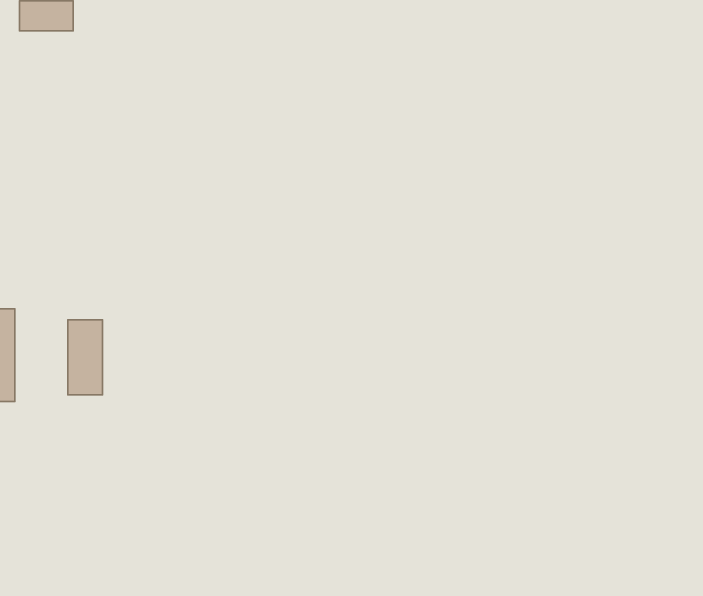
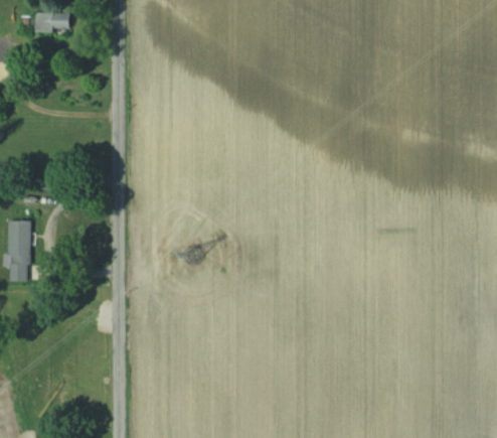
building: [68,320,103,395] -> none

